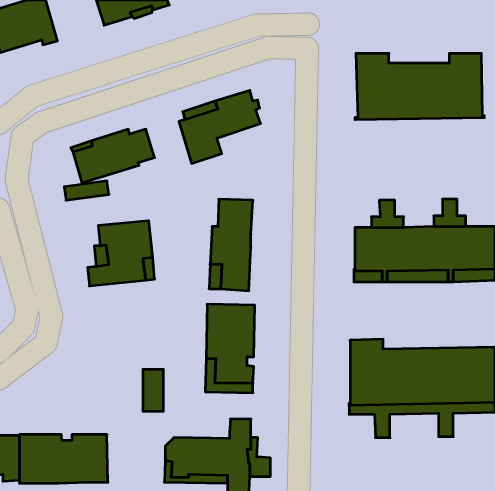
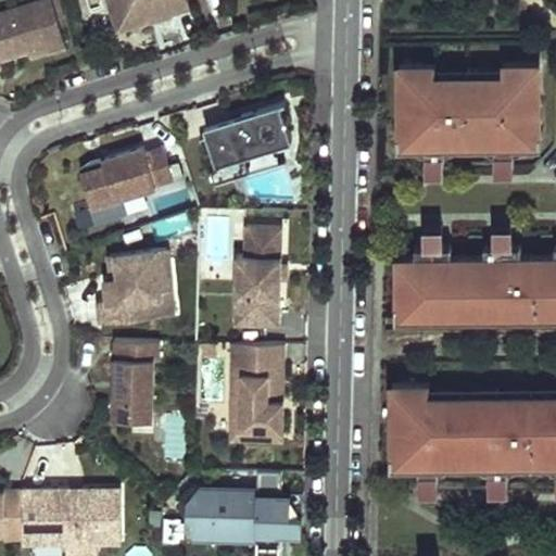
building: none -> [396,138,541,176]
building: none -> [112,343,160,422]

